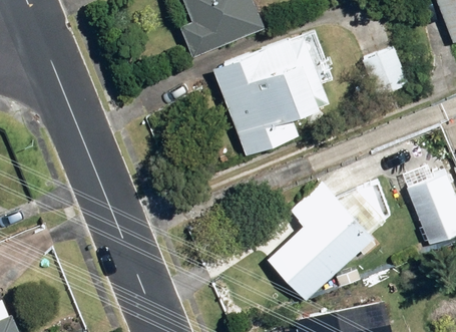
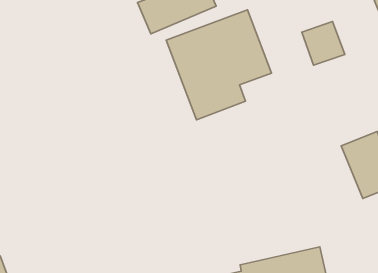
building: [266,181,374,300] -> none

